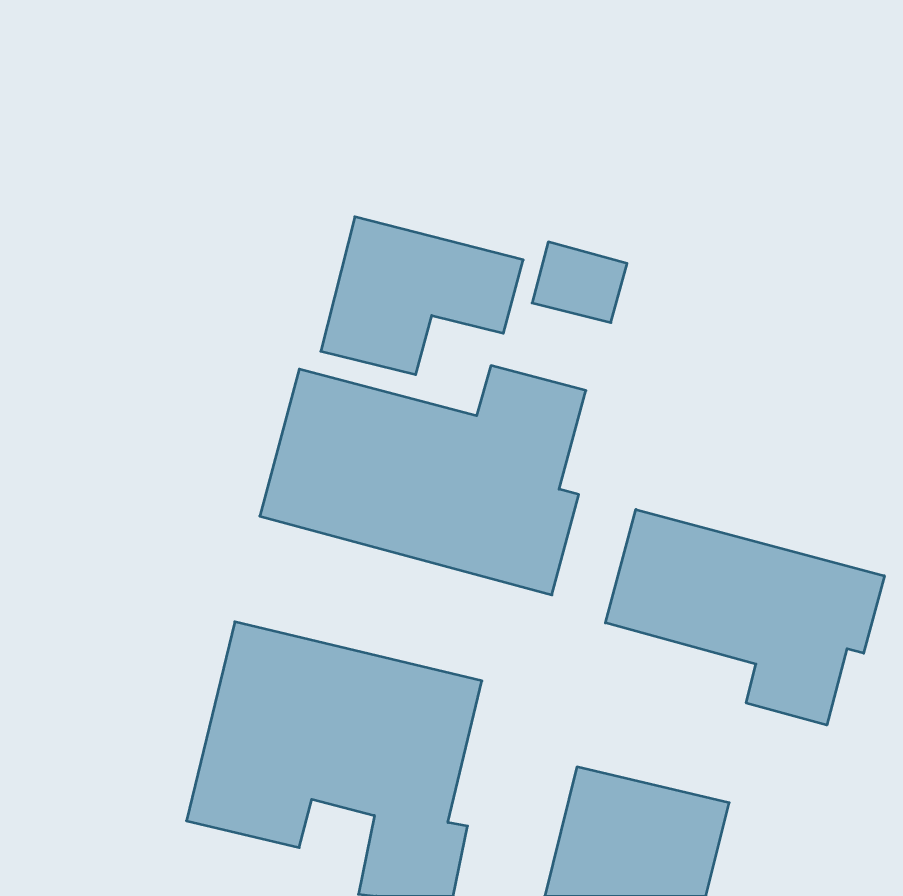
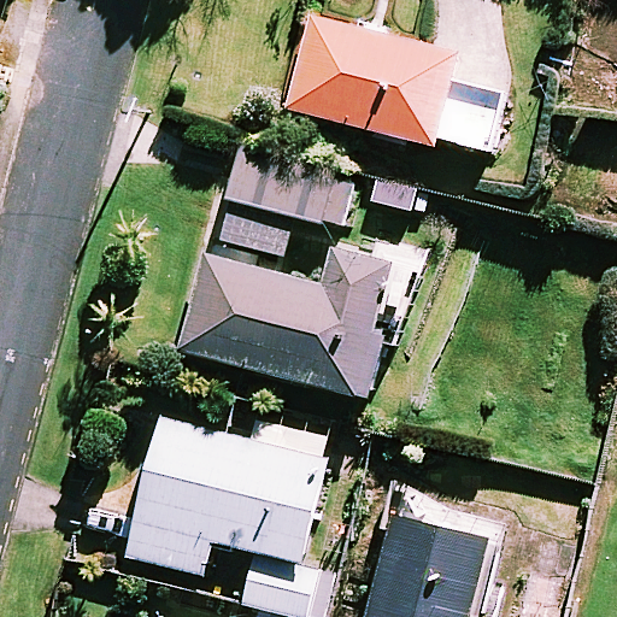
building: none -> [284,14,500,151]
building: [605,509,884,725] -> none

